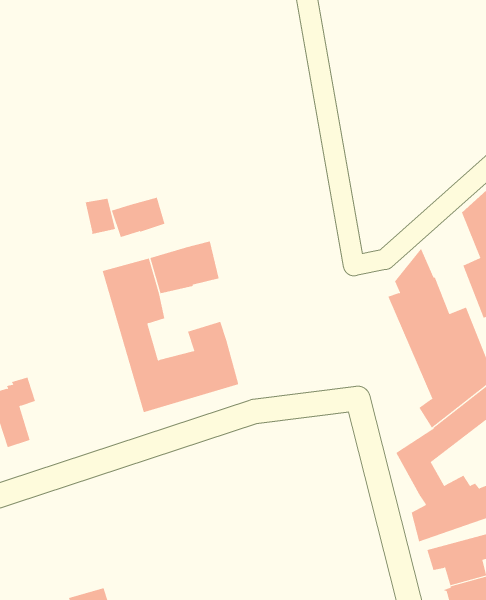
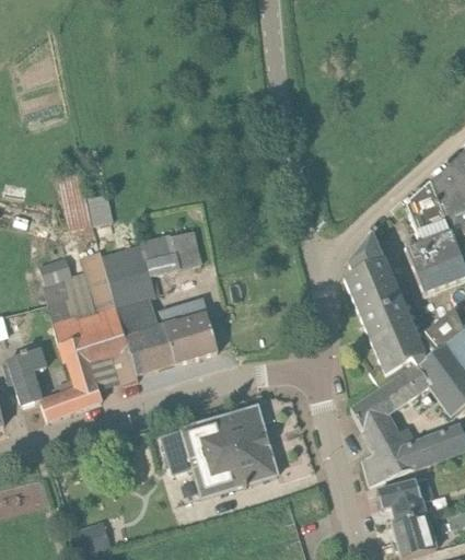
building: [111,197,165,238] -> none
building: none -> [38,255,138,420]
building: none -> [161,406,278,497]

